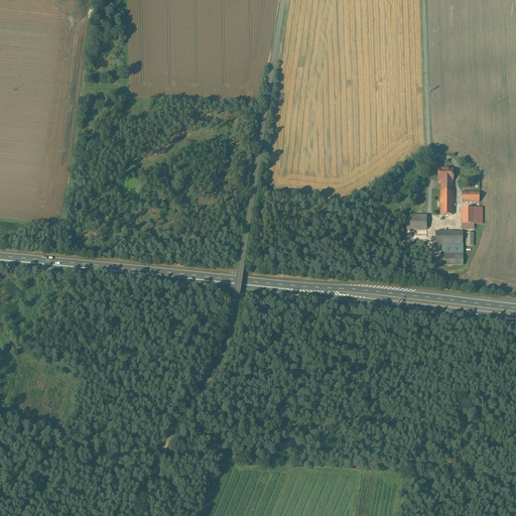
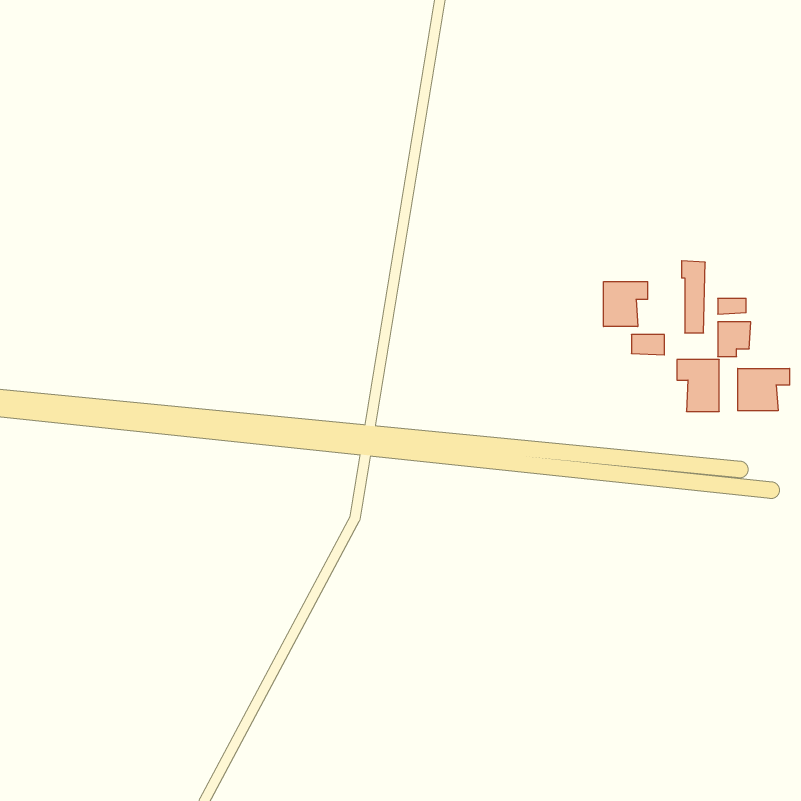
building: none -> [604,282,648,327]
building: none -> [738,368,790,411]

